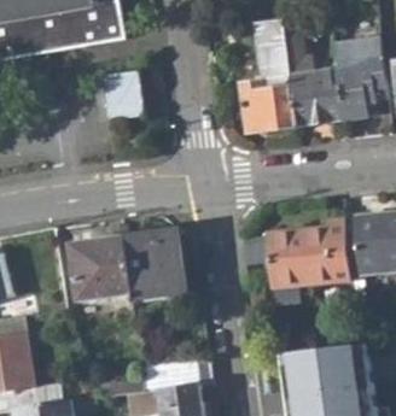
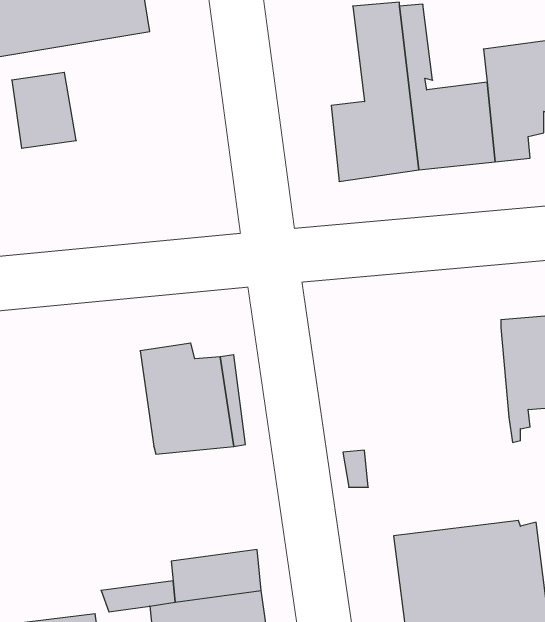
building: [103,72,142,119] -> [12,72,76,148]
building: [268,222,349,297] -> none
building: [65,236,129,303] -> none

